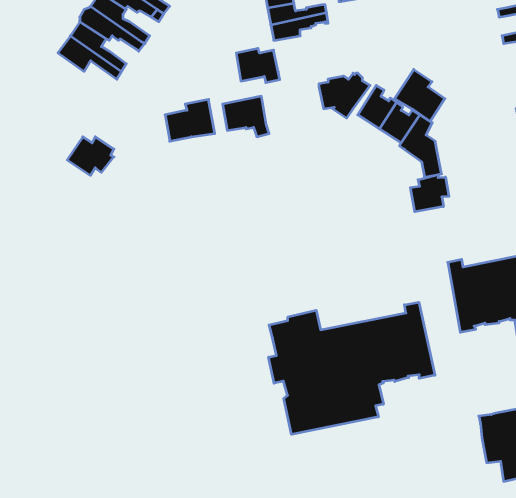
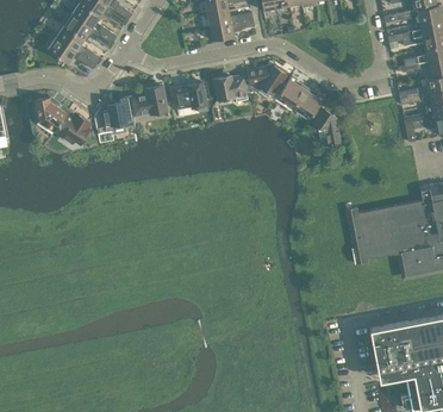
building: [236,48,280,83] -> [214,76,248,102]
building: [395,69,445,121] -> none
building: none -> [101,96,136,136]
building: none -> [36,98,70,132]
building: [410,175,449,212] -> none
building: [269,302,435,434] -> none

